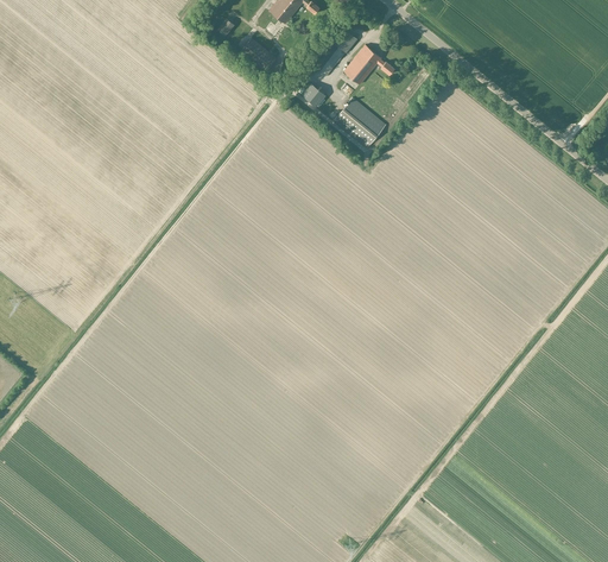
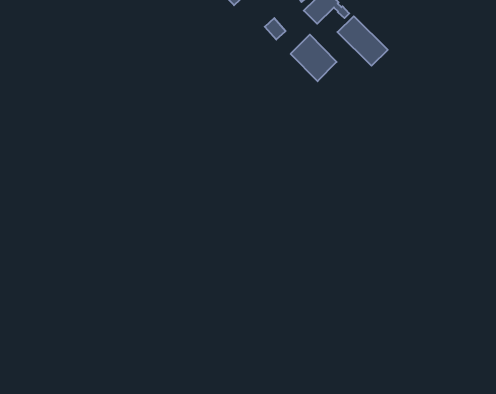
building: none -> [337,16,388,66]

